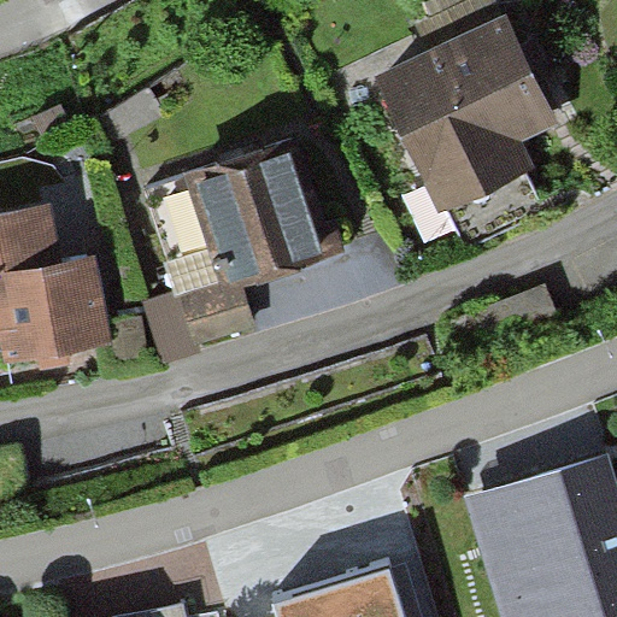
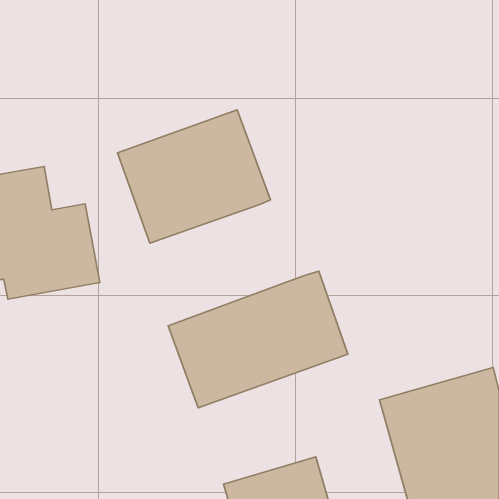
building: [377,25,556,215] -> none
building: none -> [168,271,348,408]

